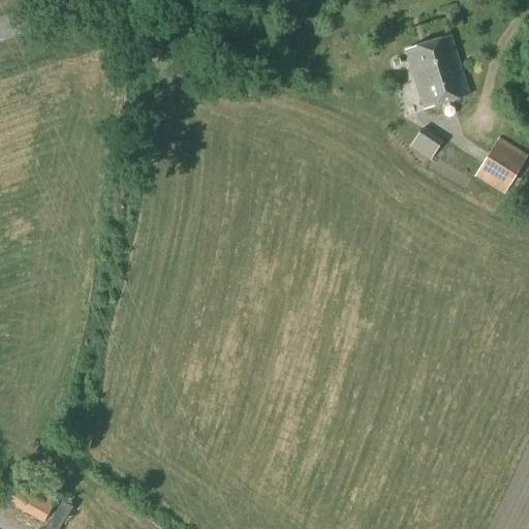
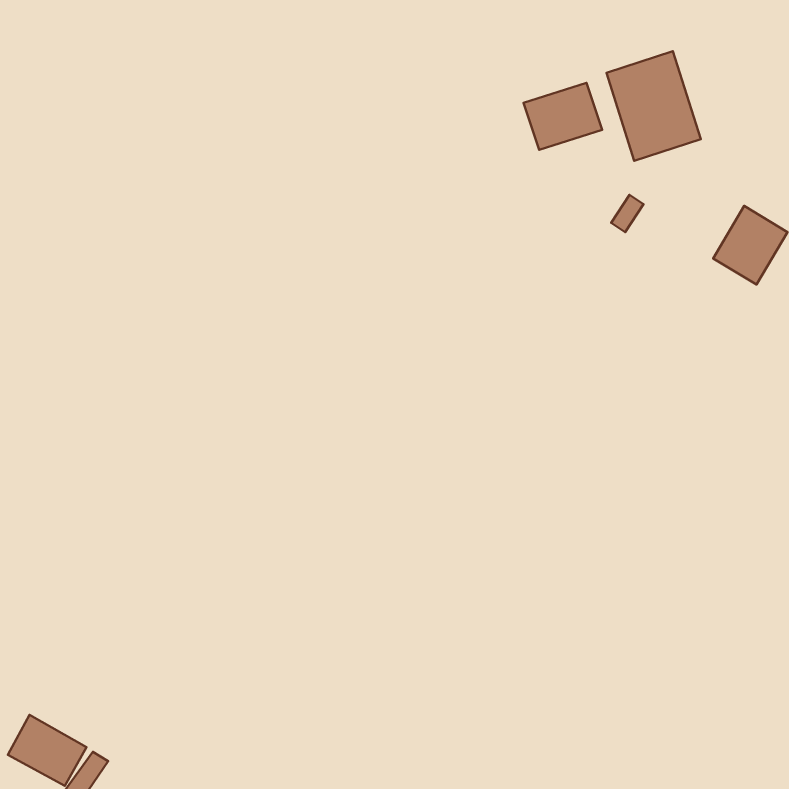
building: none -> [523,83,602,150]

